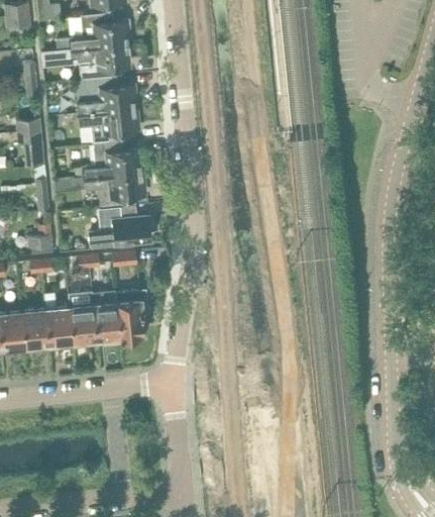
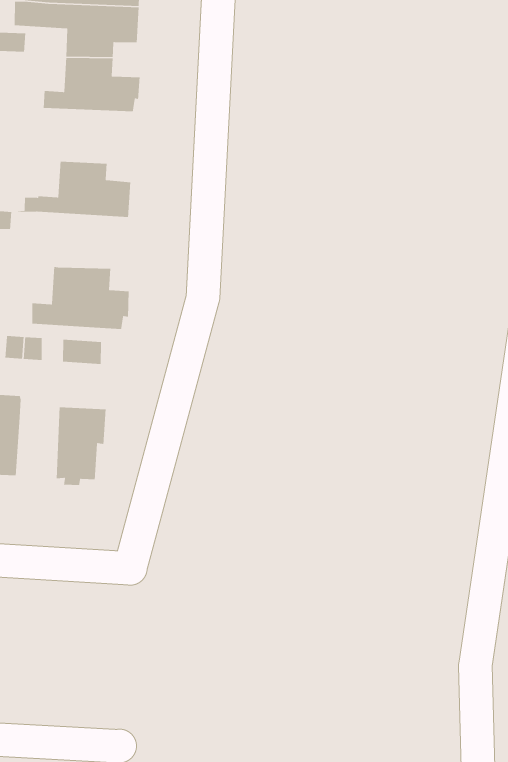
building: [77,108,137,144] -> none
building: [83,173,143,209] -> none
building: [91,290,119,343] -> none

